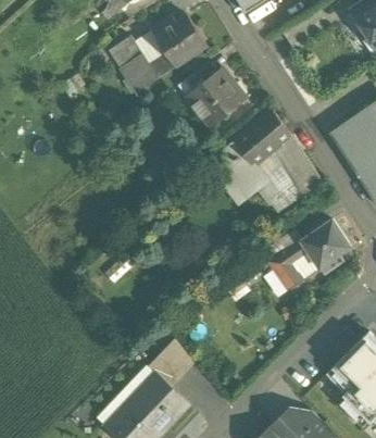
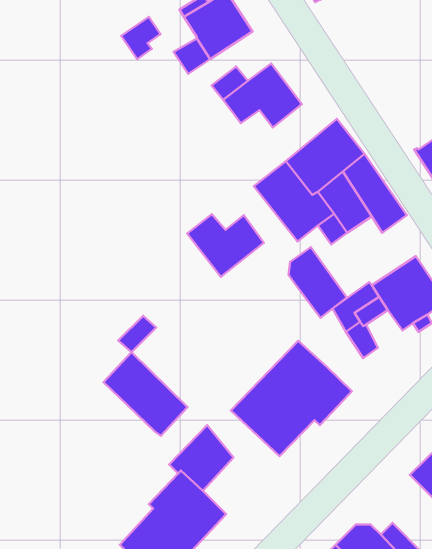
building: [122,47,160,90] -> none
building: none -> [187,214,264,277]
building: none -> [288,247,347,318]
building: none -> [231,341,352,456]
building: none -> [104,352,187,436]

